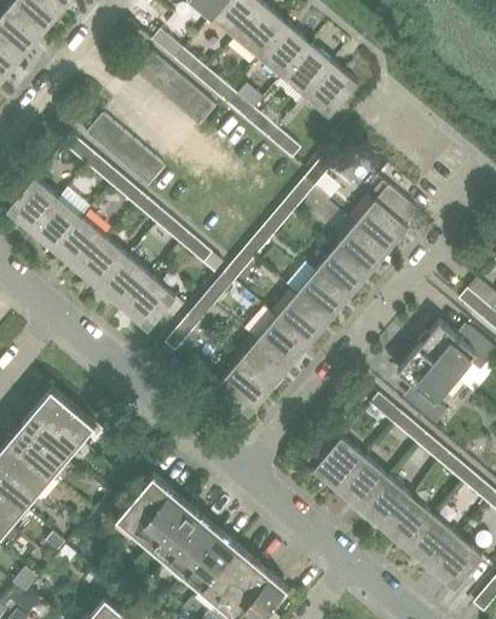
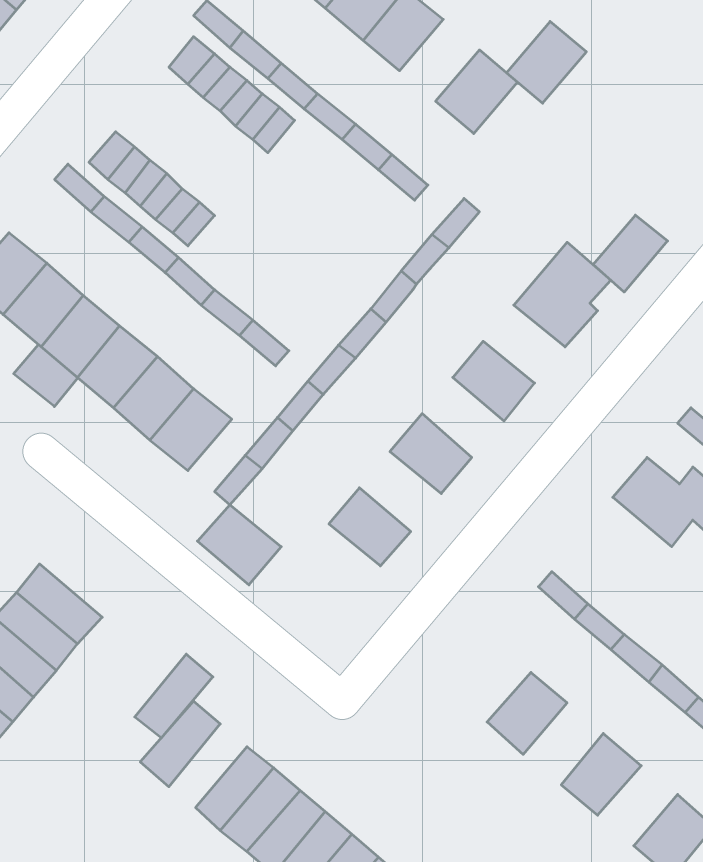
building: [282,44,333,96] -> [506,21,586,103]
building: none -> [593,215,668,292]
building: [335,225,387,274] -> none
building: none -> [14,345,78,407]
building: [296,271,348,322] -> none
building: [256,318,308,369] -> none
building: [397,347,455,424] -> none
building: [217,364,270,415] -> [197,505,281,585]
building: [313,438,365,490] -> none
building: [361,478,411,530] -> none
building: [135,491,185,544] -> [135,654,213,738]
building: [408,517,458,568] -> none

